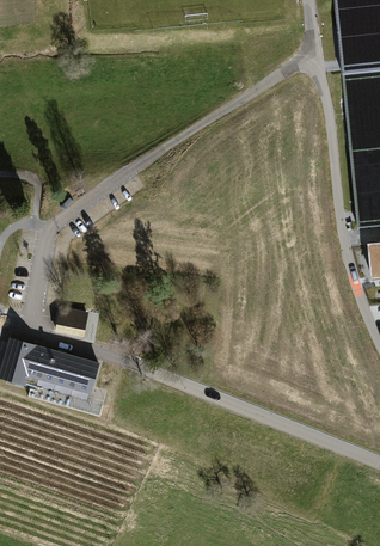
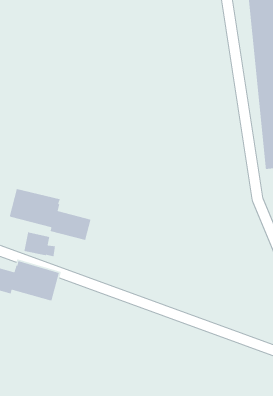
building: none -> [9,188,92,241]

